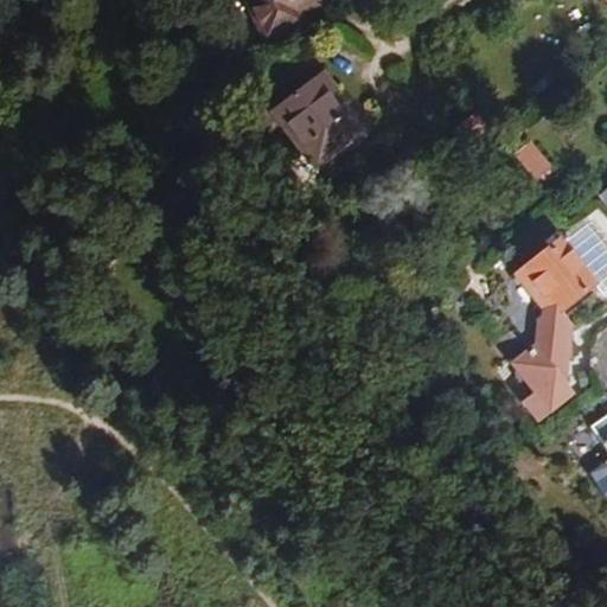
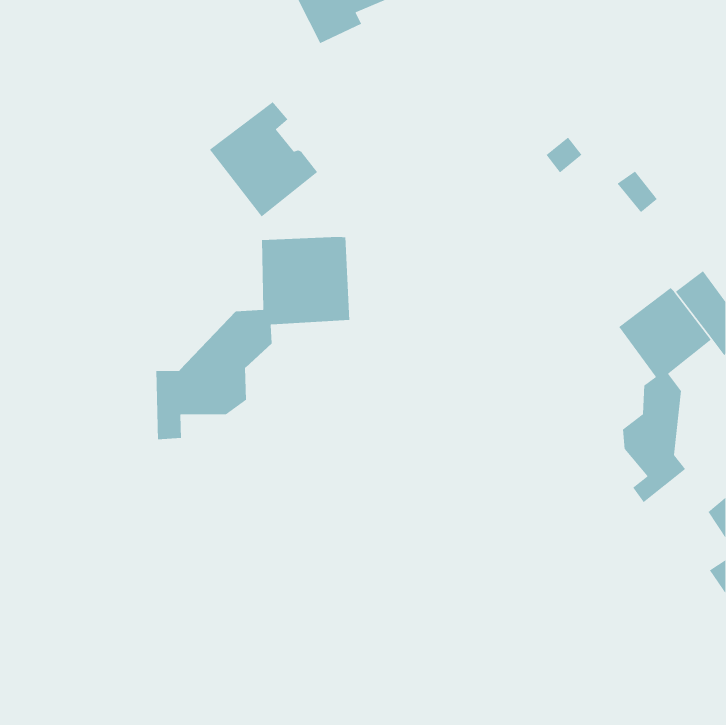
building: [270,71,362,168] -> [209,101,318,218]
building: none -> [156,236,350,440]

